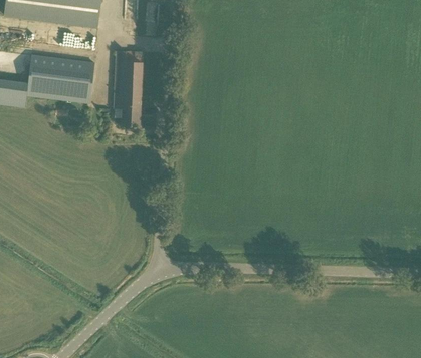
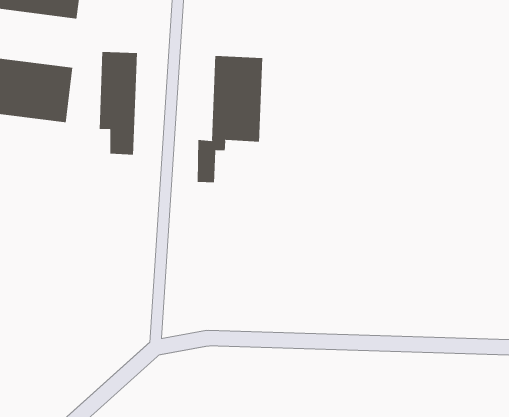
building: none -> [197,55,263,183]

